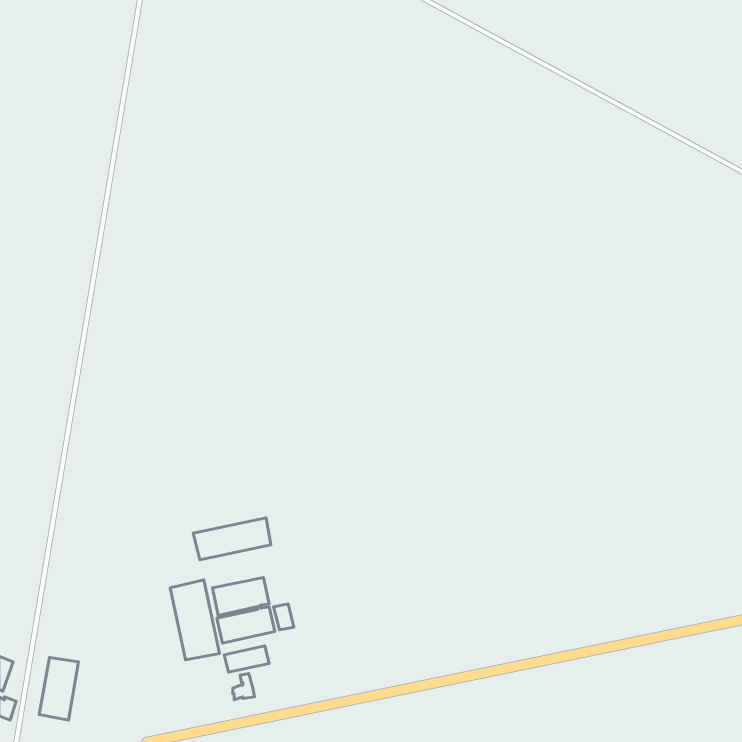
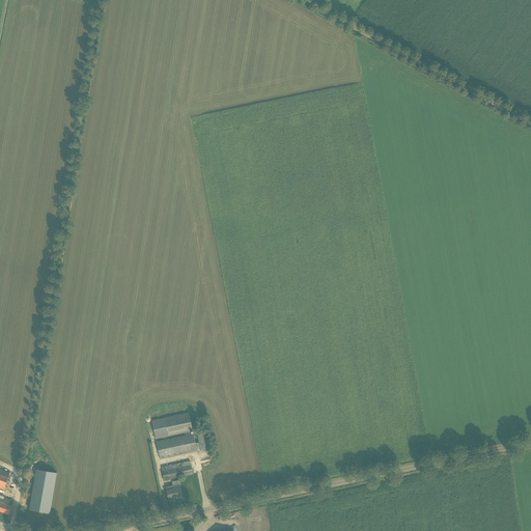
building: [193,518,271,560] -> none
building: [170,580,219,660] -> none

